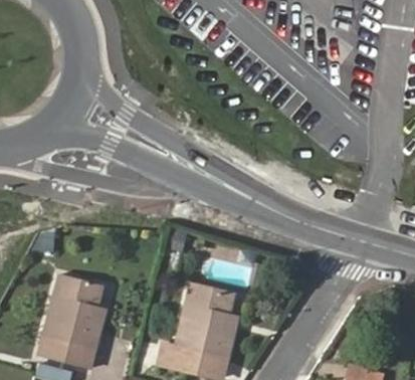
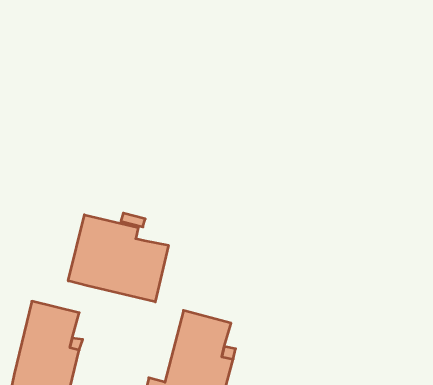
building: none -> [68,215,168,302]

